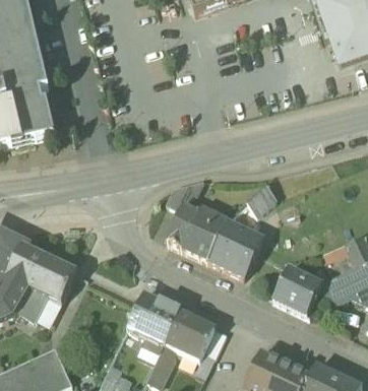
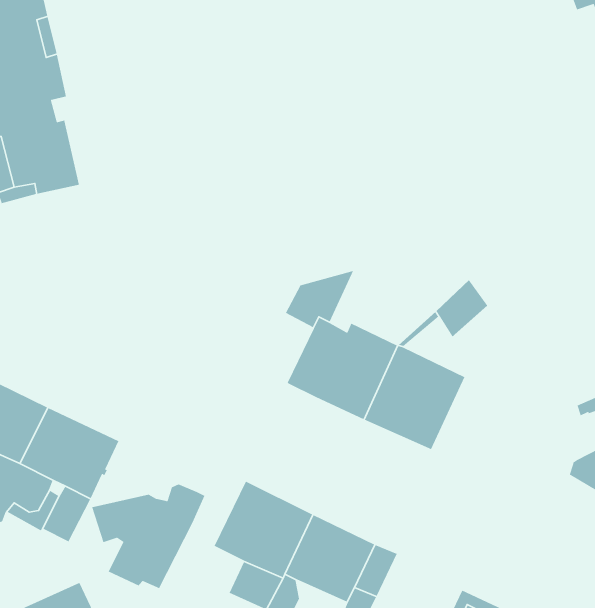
building: [272,266,323,314] -> none
building: none -> [91,484,205,589]

